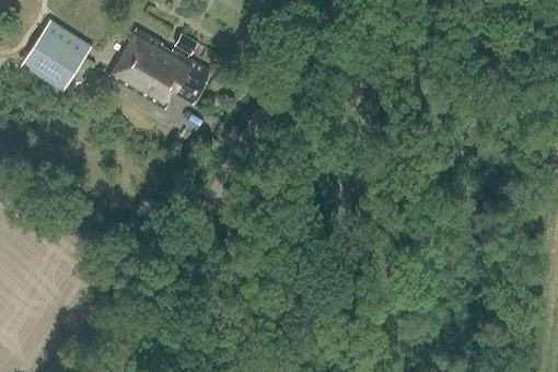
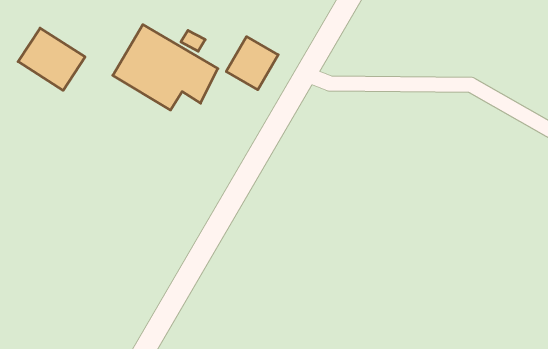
building: none -> [226,37,278,90]

